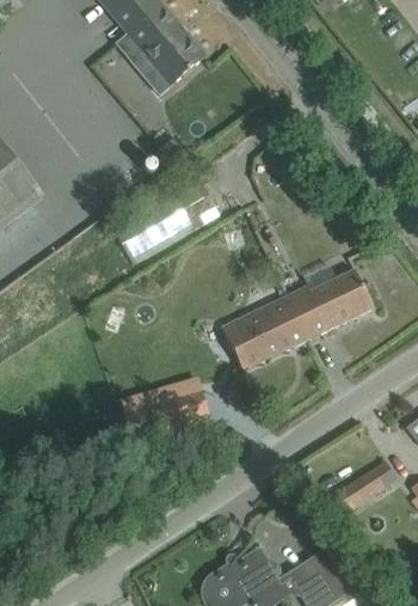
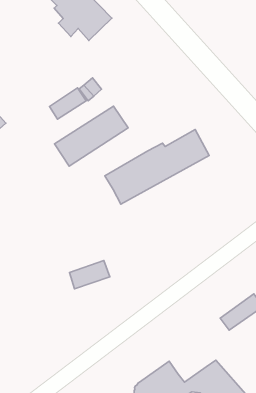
building: none -> [50,88,86,119]
building: [221,269,371,369] -> [105,130,209,204]

